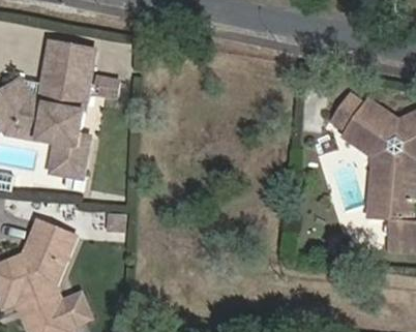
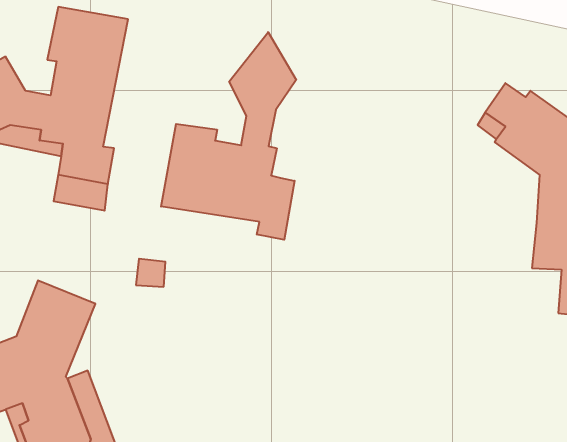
building: none -> [161,32,296,240]

